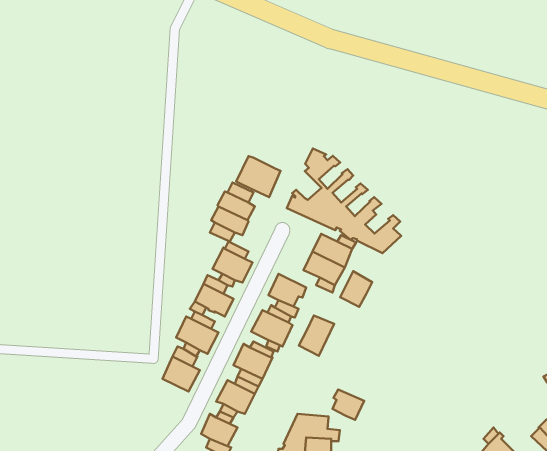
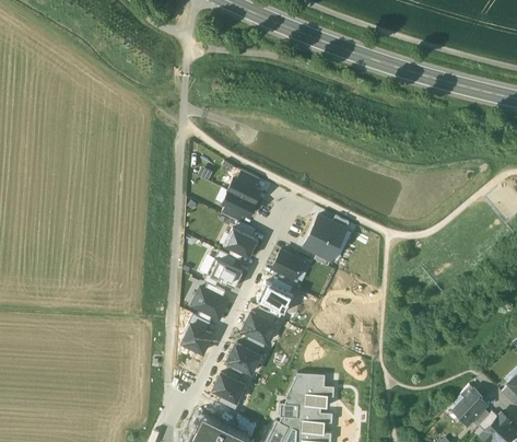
building: [287,148,401,253] -> none
building: [236,156,281,197] -> none
building: [340,271,372,307] -> none
building: [299,315,334,356] -> none
building: [333,389,364,420] -> none

